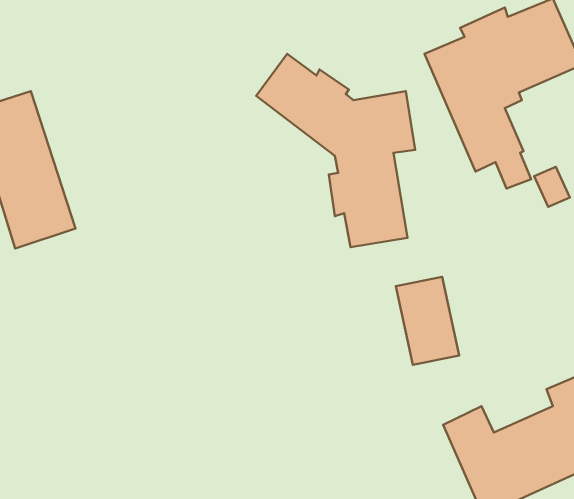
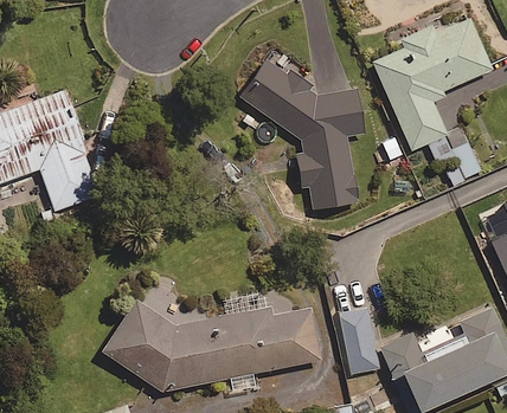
building: [396,277,459,365] -> [334,306,383,374]
building: none -> [103,299,321,392]

